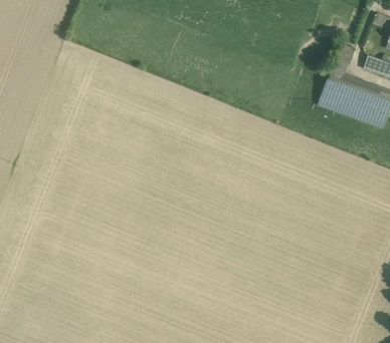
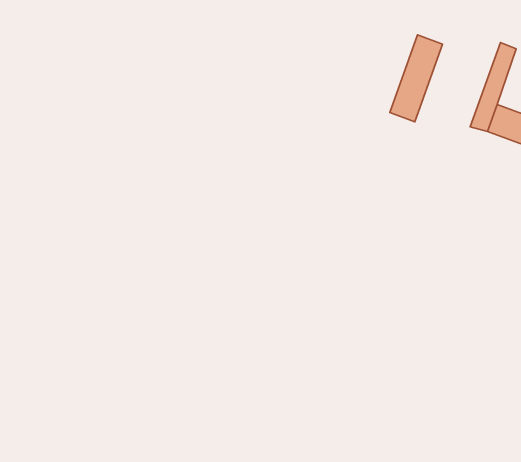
building: none -> [390,35,443,122]

